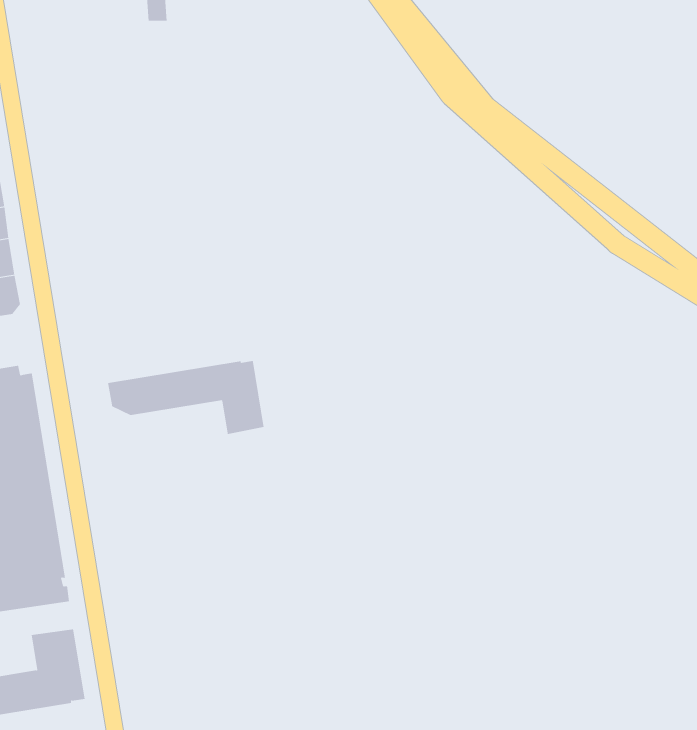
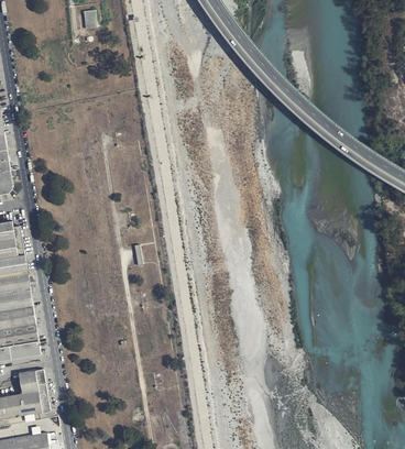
building: [107,360,264,435] -> none

